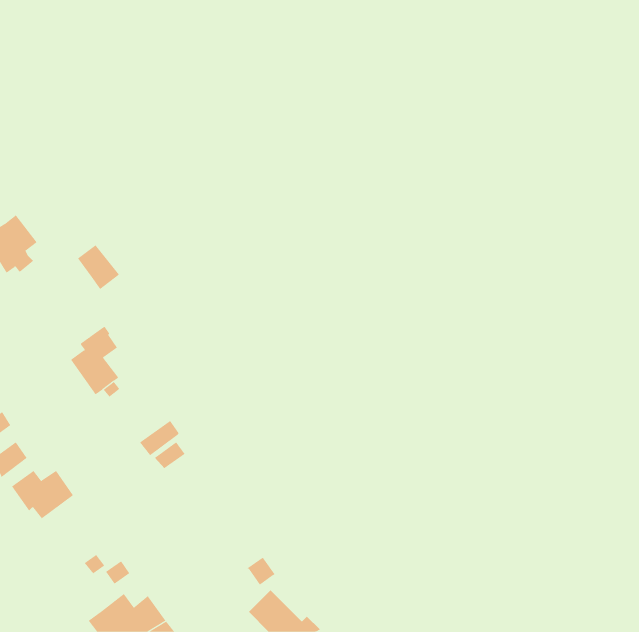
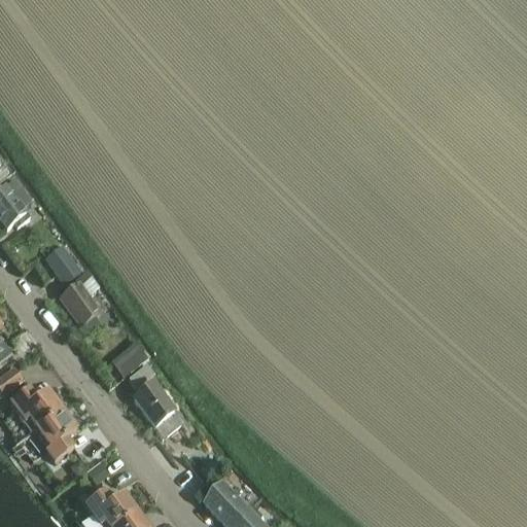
building: [77,245,120,290] -> [44,244,79,281]
building: none -> [132,382,179,434]
building: none -> [34,407,76,460]

